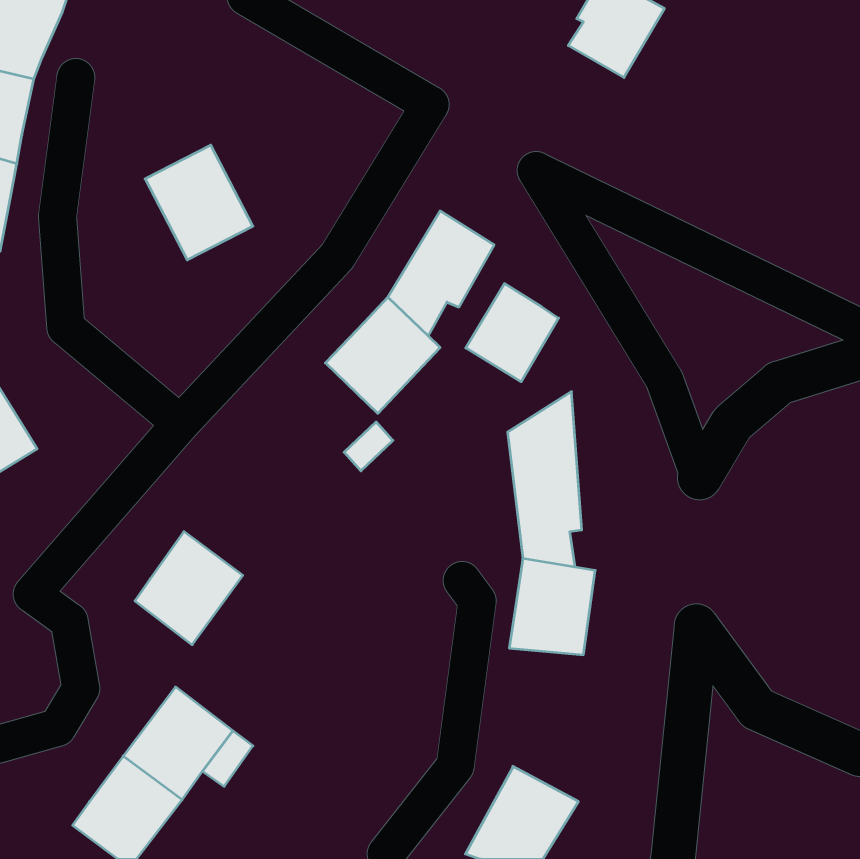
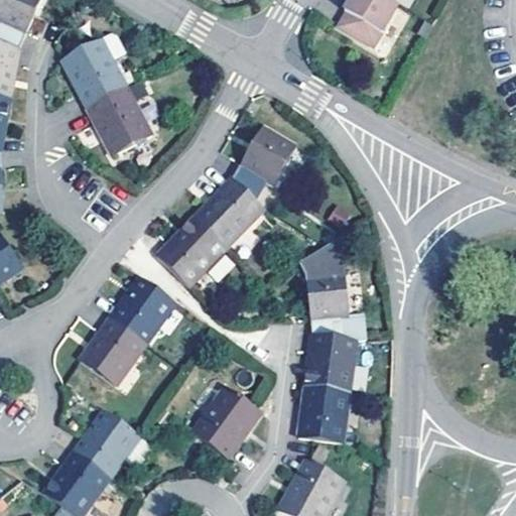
building: none -> [61,39,126,107]
building: [466,284,559,382] -> none
building: none -> [157,217,226,285]
building: none -> [110,276,175,344]
building: none -> [191,385,261,458]
building: none -> [298,387,349,443]

